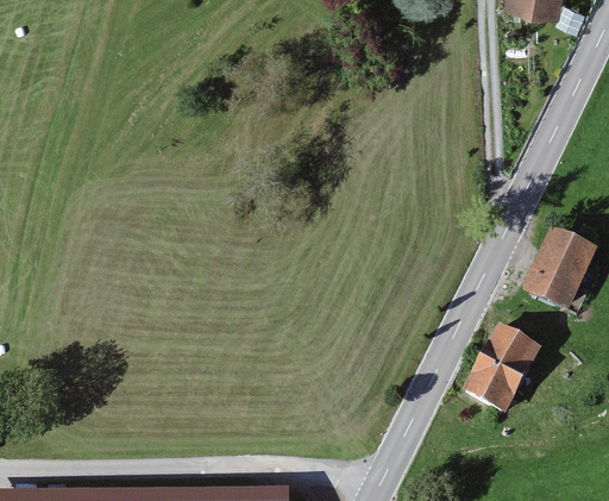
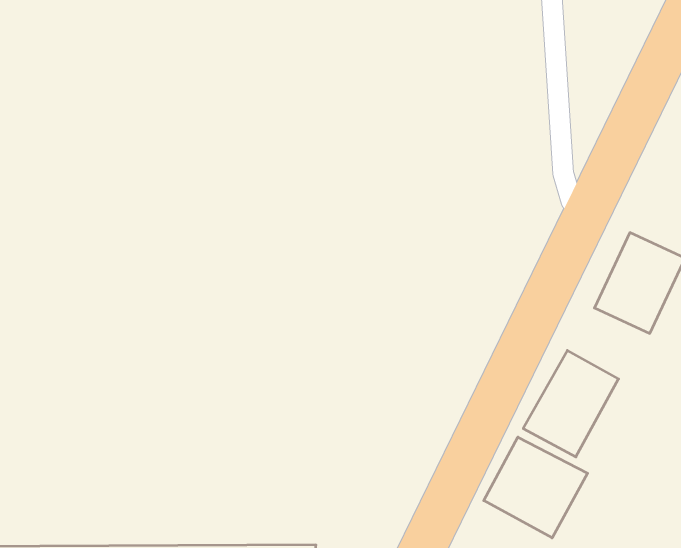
building: none -> [484,437,588,538]

